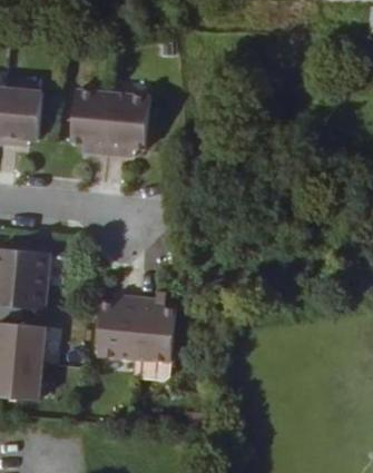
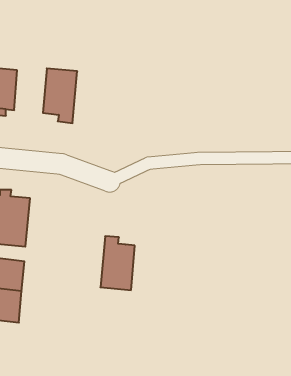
building: [104,95,145,158] -> none
building: [98,292,143,354] -> none

